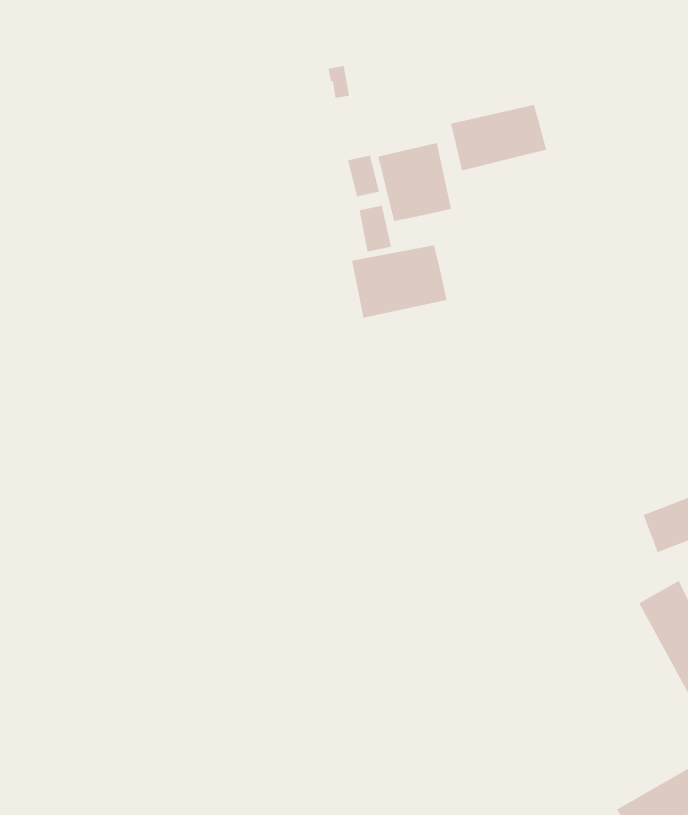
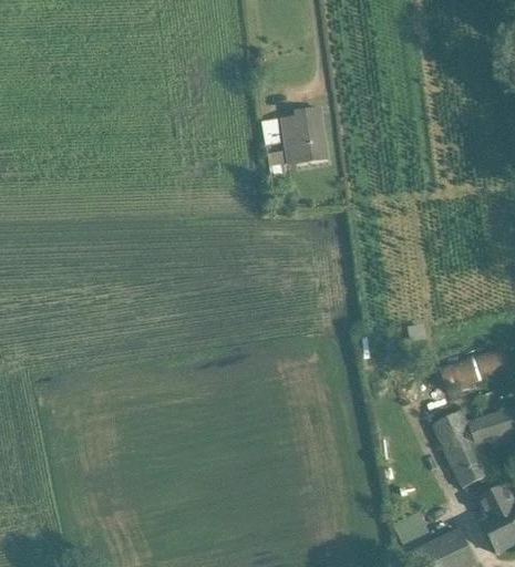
building: [451,104,547,171] -> none
building: [352,244,447,318] -> none

